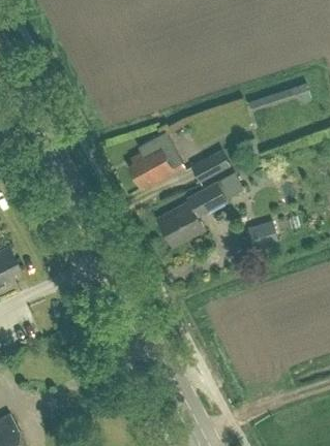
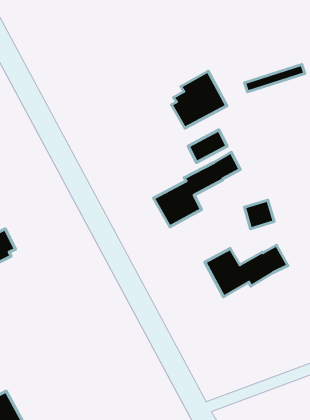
building: [126,133,182,191] -> [171,71,227,128]
building: none -> [205,245,288,297]

